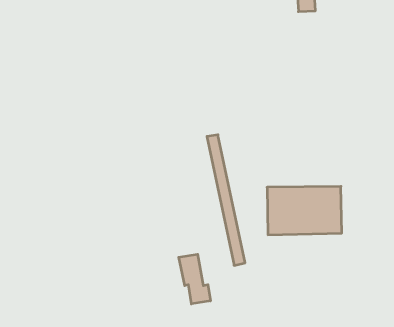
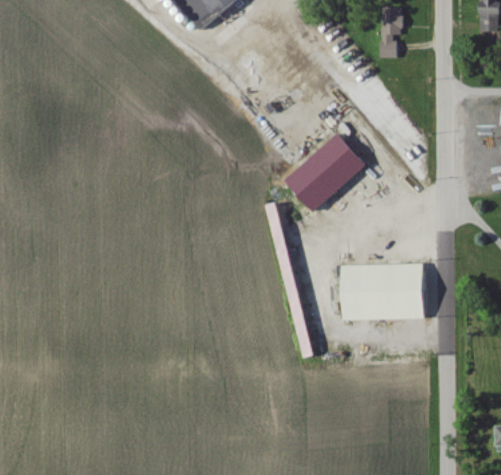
building: none -> [283,131,368,214]
building: [179,254,210,304] -> none

